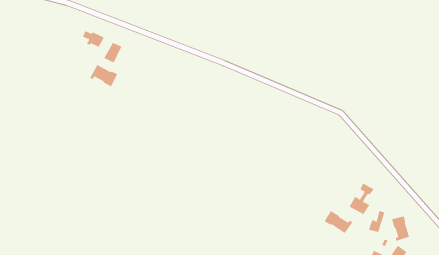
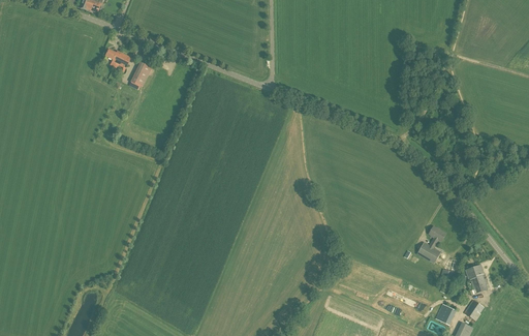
building: [89,64,118,87] -> none
building: [324,210,353,234] -> none

